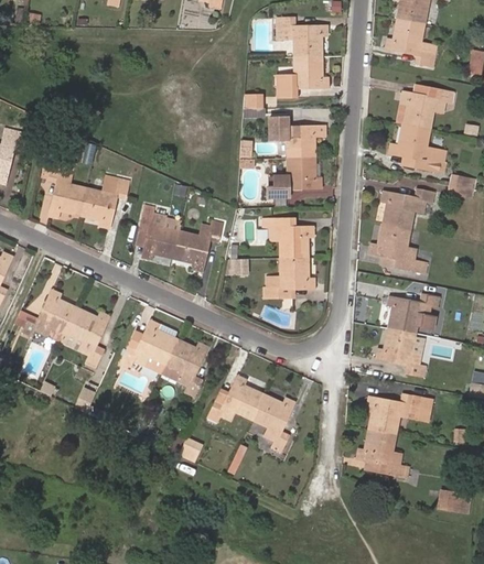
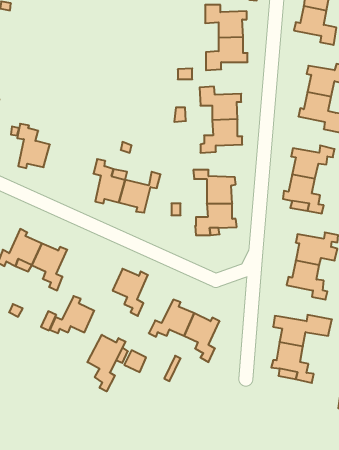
building: [79,175,128,227] -> none
building: [121,321,175,366] -> [50,296,94,333]
building: none -> [87,335,126,391]

